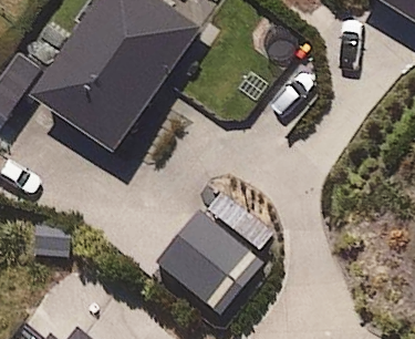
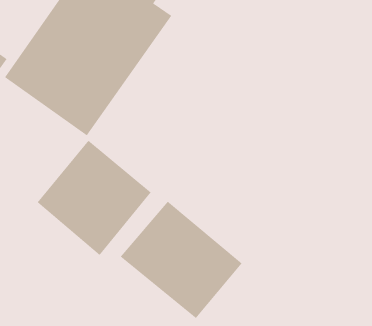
building: none -> [37,140,151,256]

